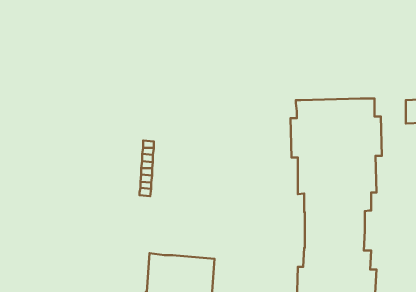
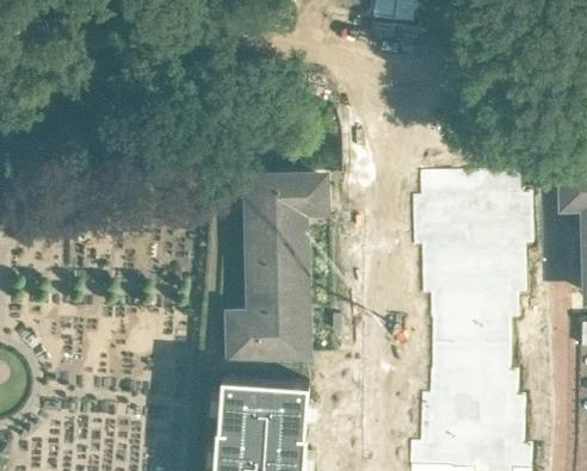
building: none -> [233,176,325,353]

